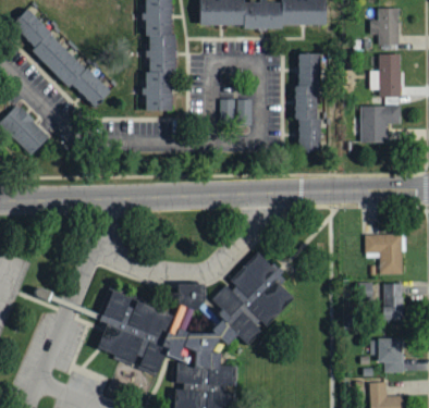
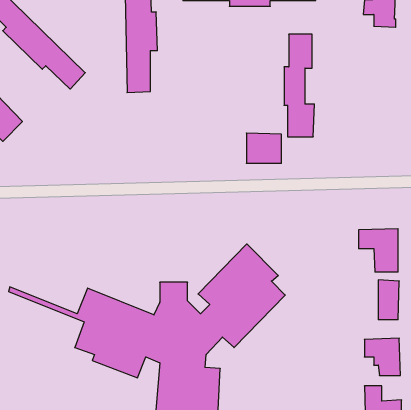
building: [369,54,401,98] -> none
building: [220,97,253,125] -> [246,133,281,163]
building: [359,107,401,145] -> none

